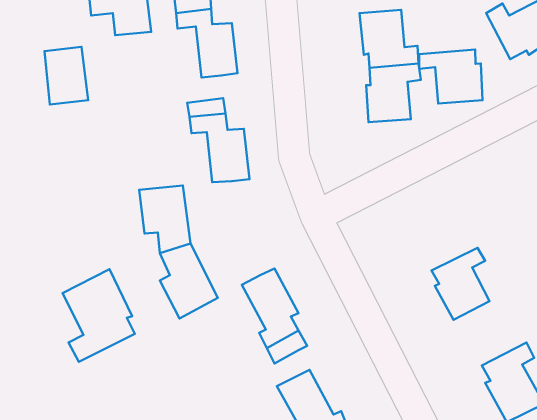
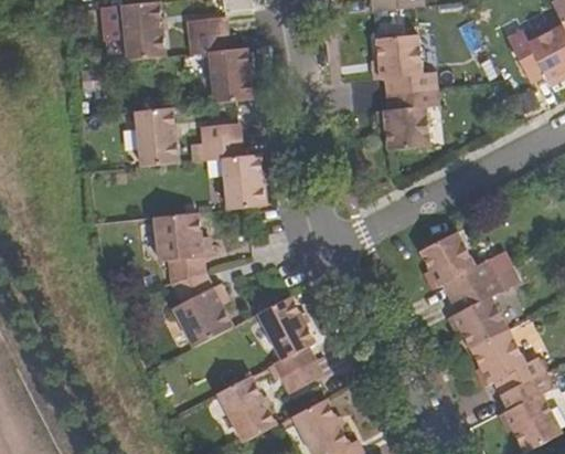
building: [44,47,88,105] -> [136,107,180,166]
building: [419,49,482,104] -> none
building: none -> [418,231,494,298]
building: [63,269,135,362] -> none
building: none -> [470,329,544,394]
building: none -> [216,373,276,442]

